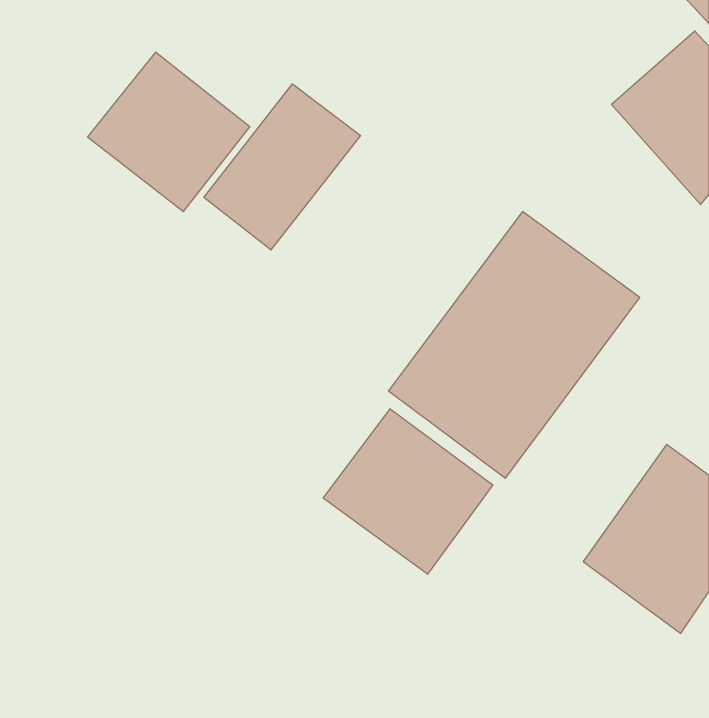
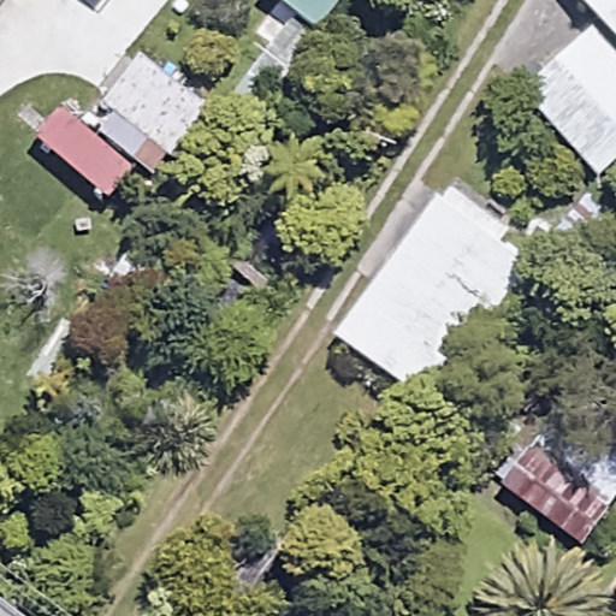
building: [204,84,361,250] -> none
building: [323,409,493,574] -> none

